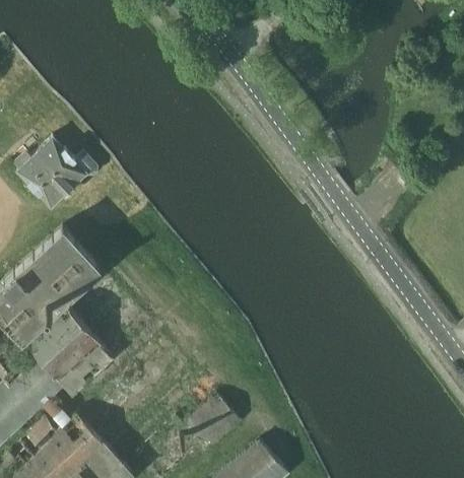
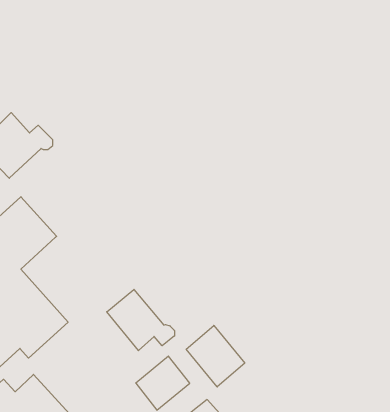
building: none -> [107,289,175,351]
building: none -> [186,325,245,387]

